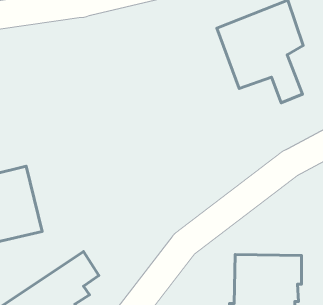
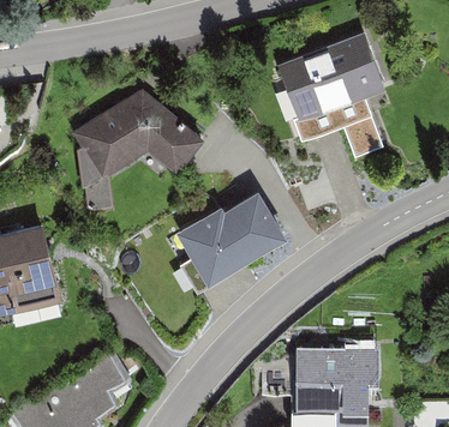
building: none -> [72,84,204,209]
building: none -> [174,190,286,290]

